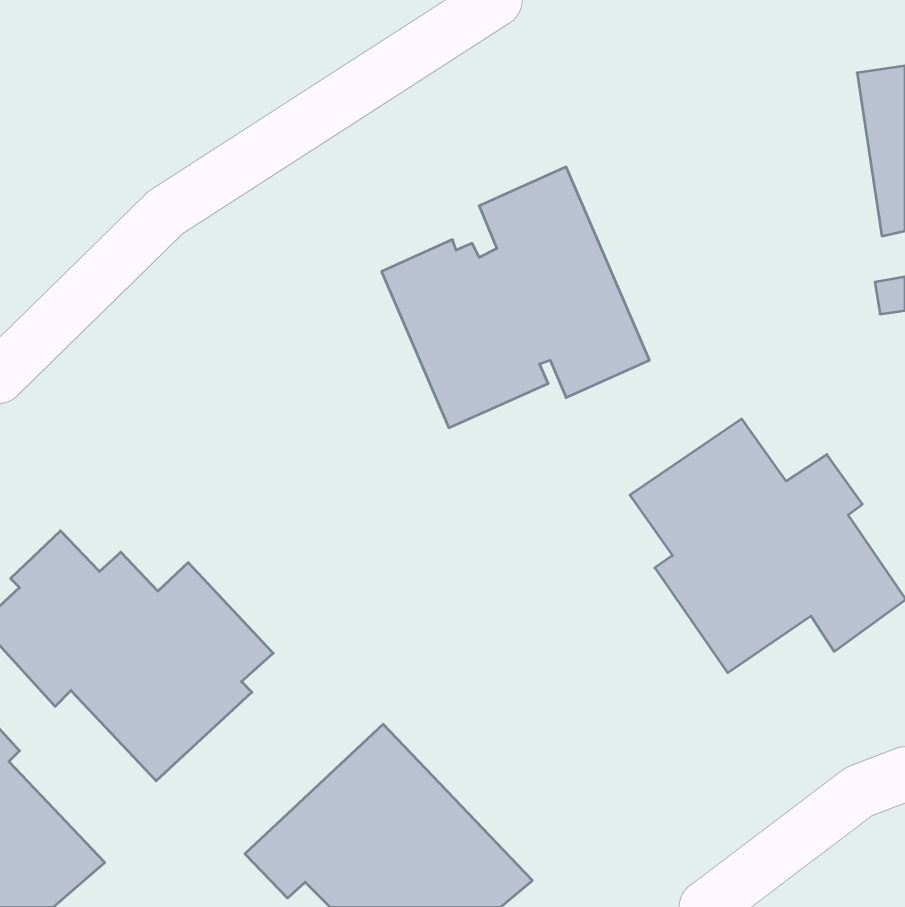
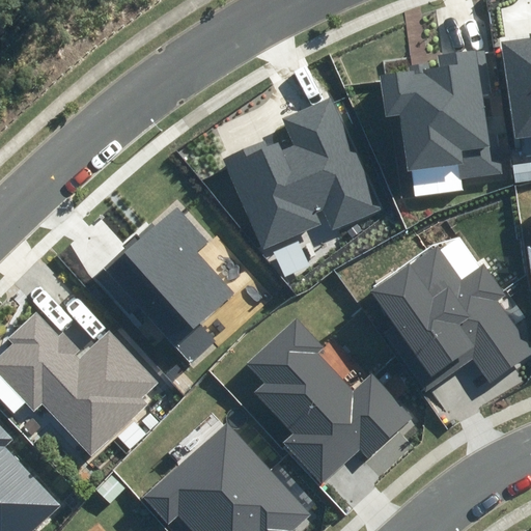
building: none -> [380,50,502,196]
building: none -> [102,207,233,363]
building: none -> [245,316,413,484]

